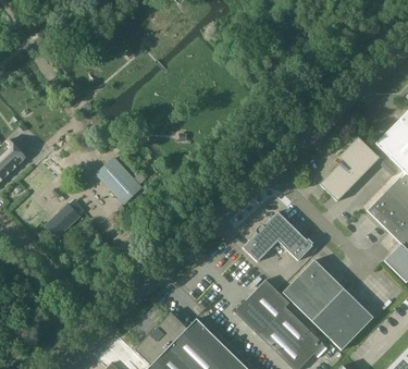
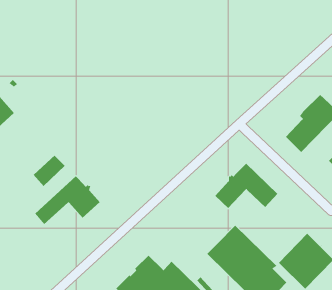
building: [97,158,140,202] -> none
building: none -> [34,176,100,225]
building: [283,260,344,321] -> none

